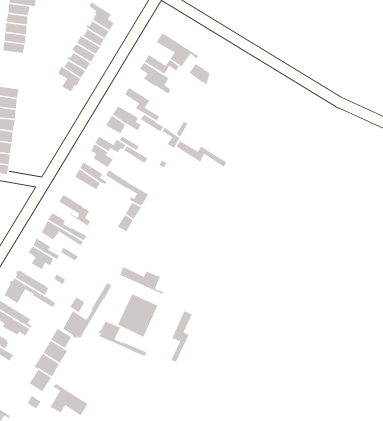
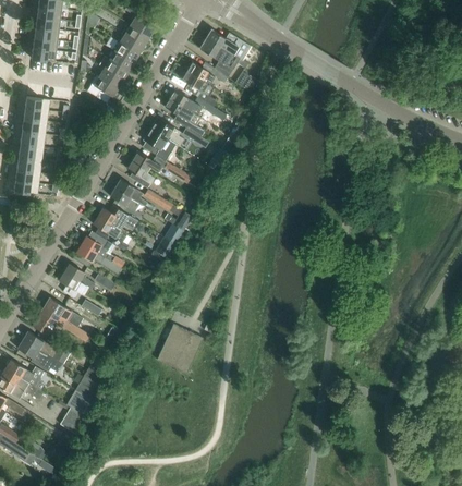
building: none -> [207,31,251,60]
building: [176,140,227,168] -> [170,90,227,121]
building: none -> [98,206,137,231]
building: [119,266,164,295] -> none
building: [62,282,112,339] -> none
building: [170,310,193,362] -> none
building: [98,320,147,357] -> none
building: [49,383,89,417] -> none

